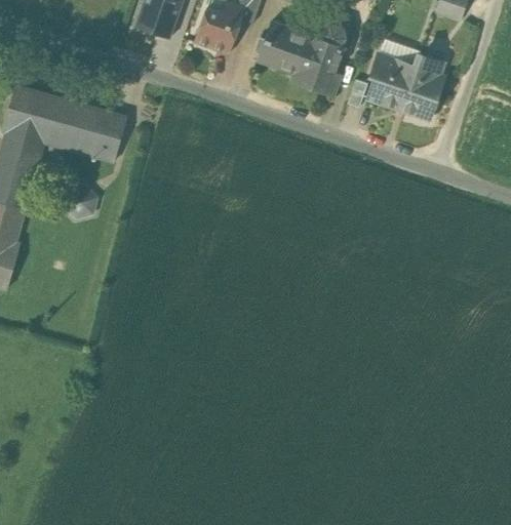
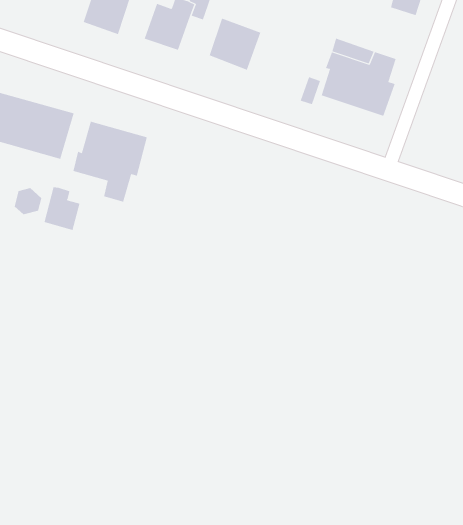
building: [291,24,343,93] -> none
building: none -> [73,121,148,202]
building: none -> [44,186,80,231]

